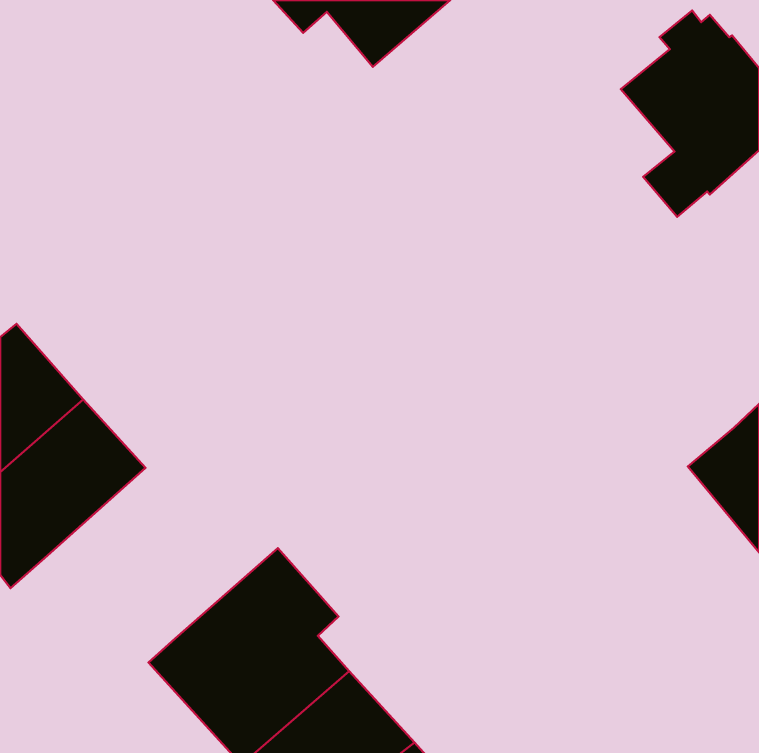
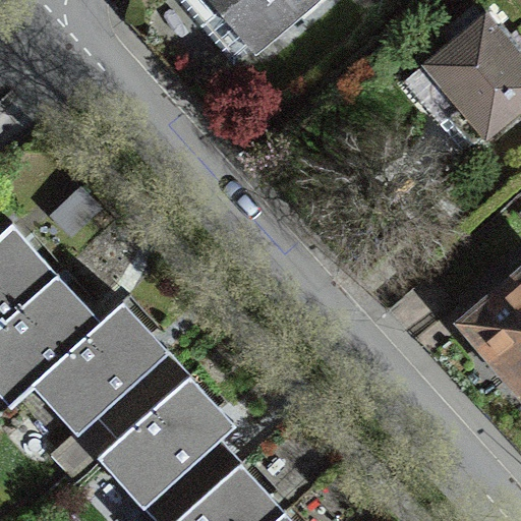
building: none -> [33,304,190,442]

